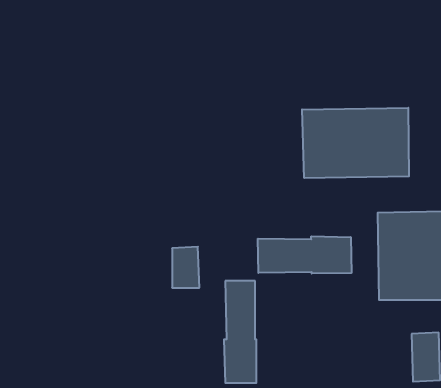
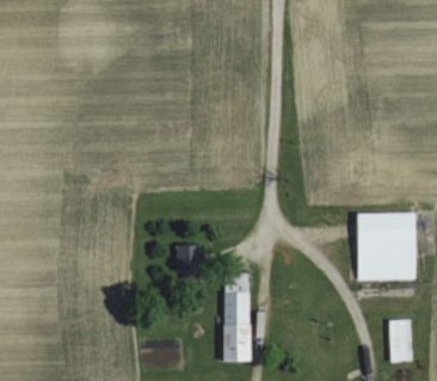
building: [302,108,409,178] -> none
building: [258,236,351,274] -> none

